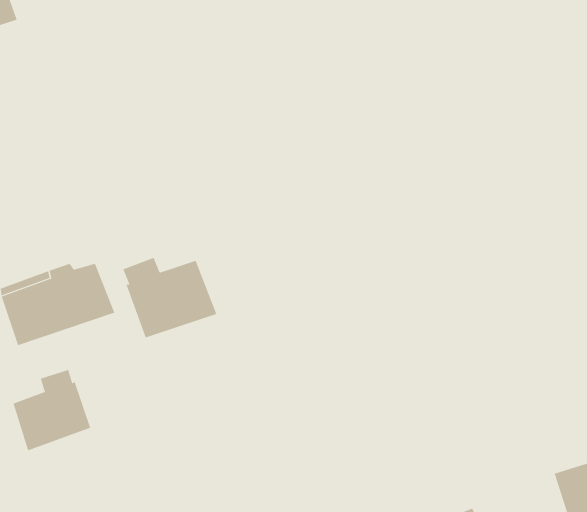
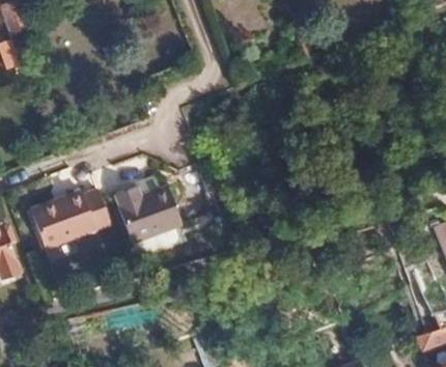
building: [13,369,91,451] -> none

